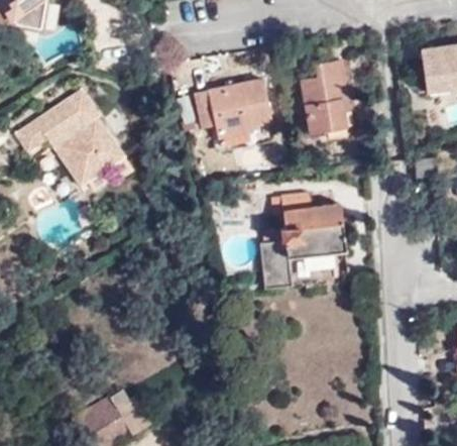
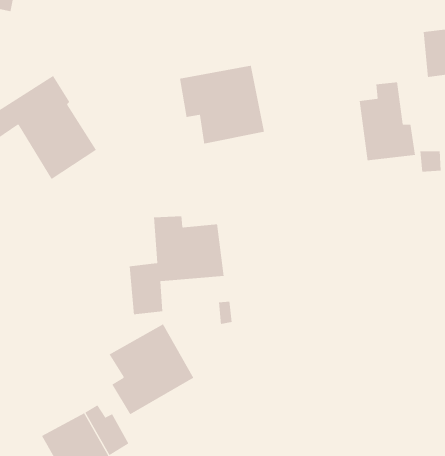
building: [303,62,354,133] -> [359,82,416,161]
building: [260,196,347,286] -> [129,216,224,315]
building: none -> [109,323,194,415]

